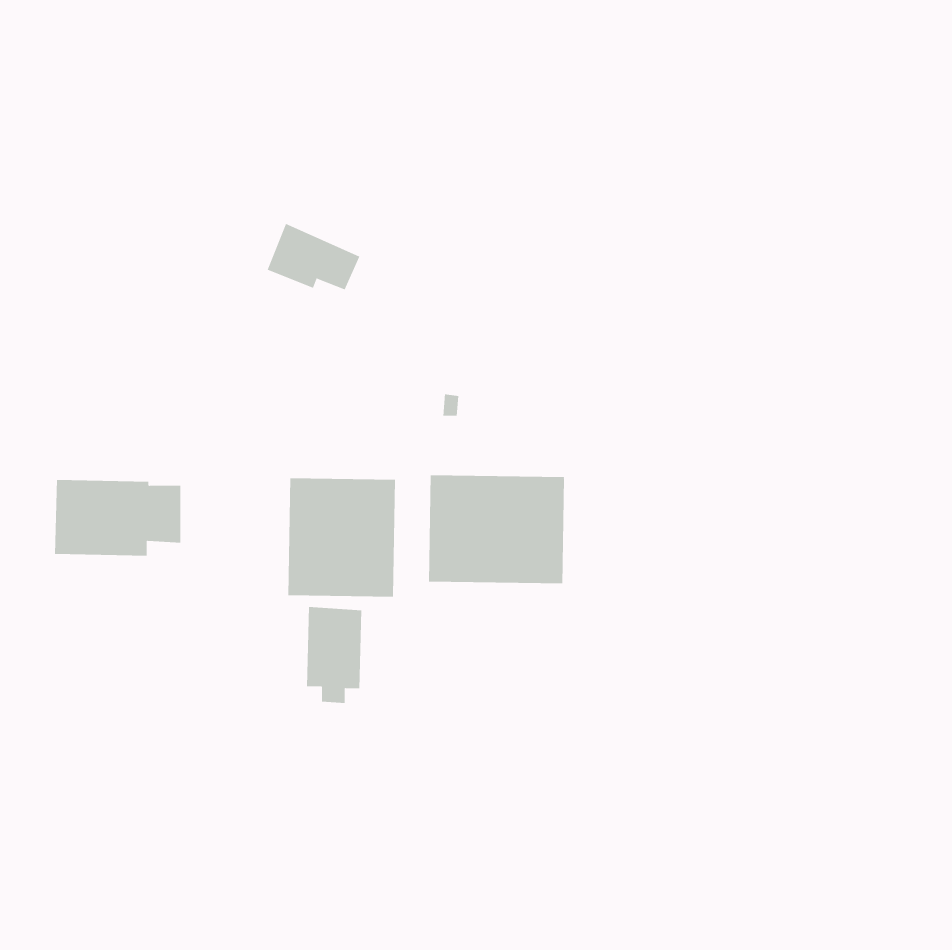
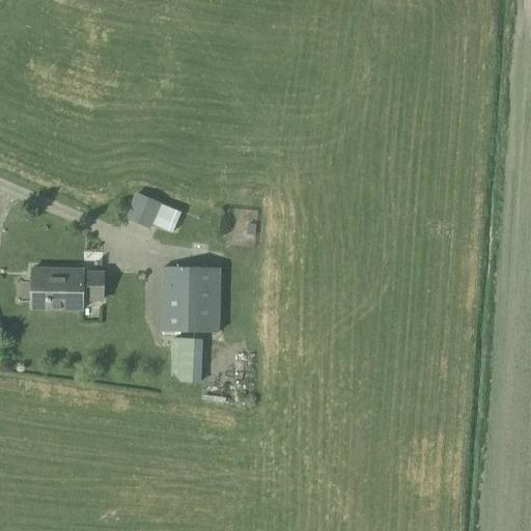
building: [267,223,360,290] -> [125,192,177,229]
building: [428,474,565,584] -> none

